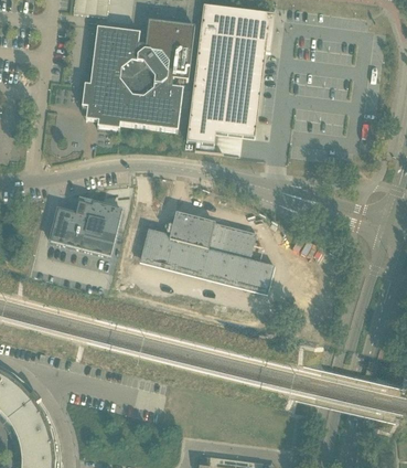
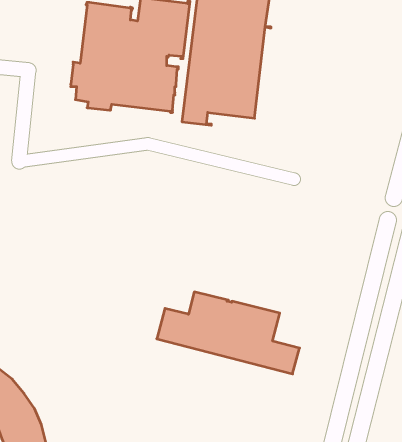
building: [49,202,121,255] -> none
building: [139,212,274,289] -> [157,292,300,374]

